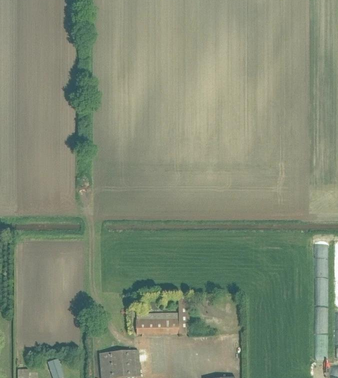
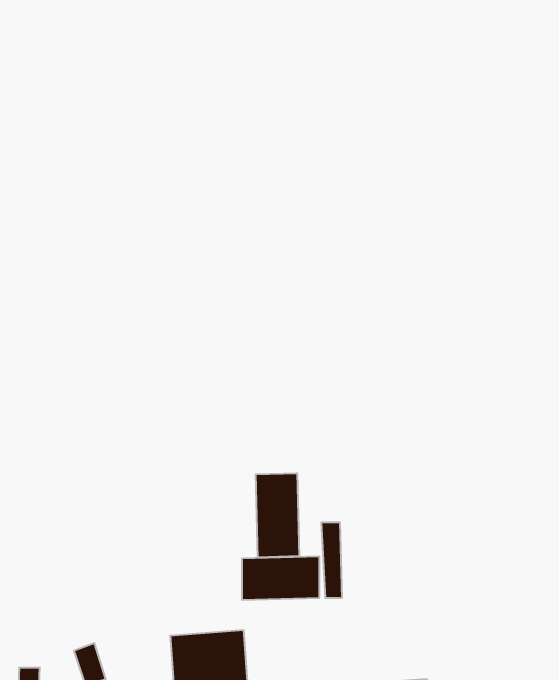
building: none -> [256,473,299,557]

